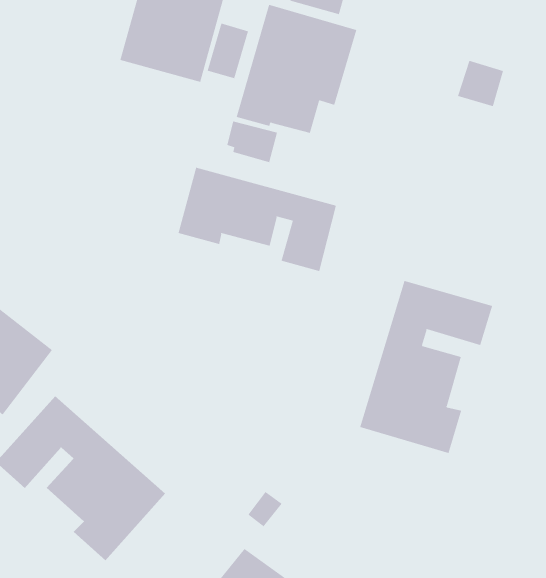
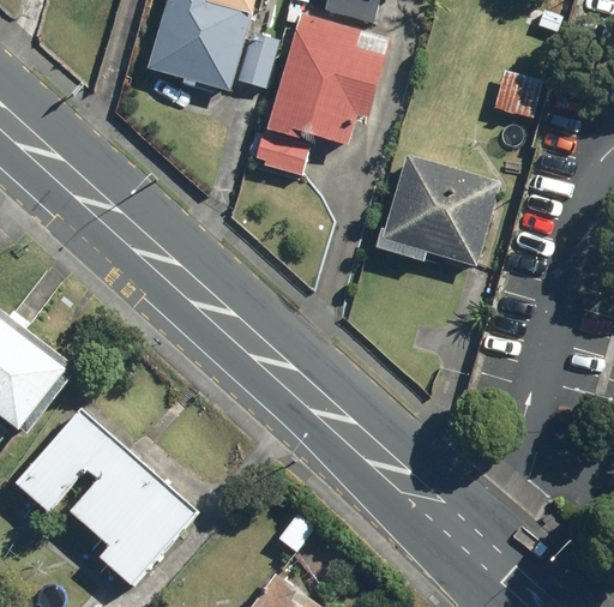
building: none -> [373,152,502,266]
building: [178,167,337,272] -> none
building: [360,280,493,454] -> none

